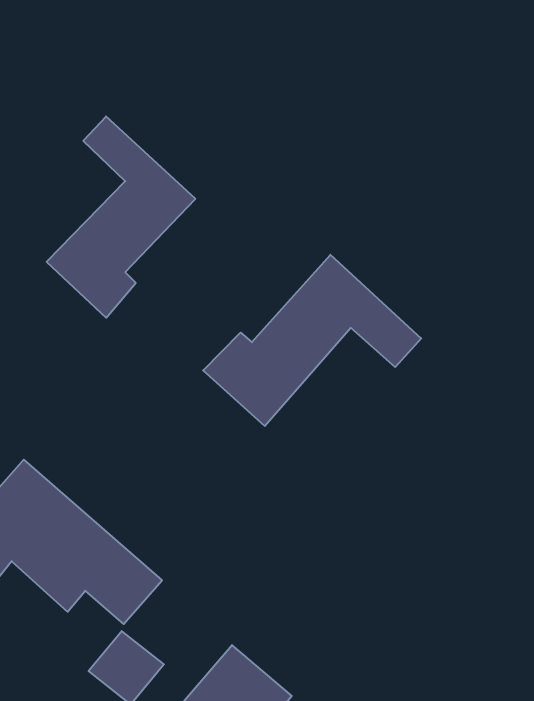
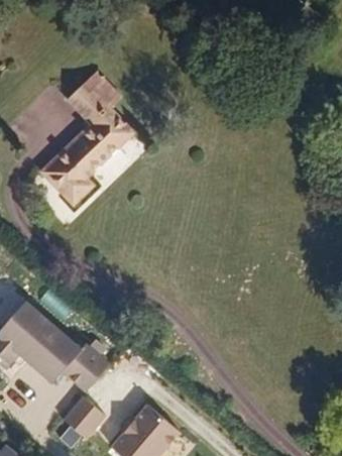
building: none -> [74,83,128,145]
building: [203,255,421,426] -> none

